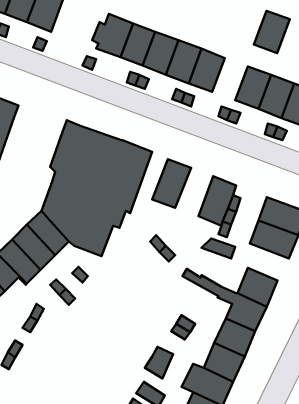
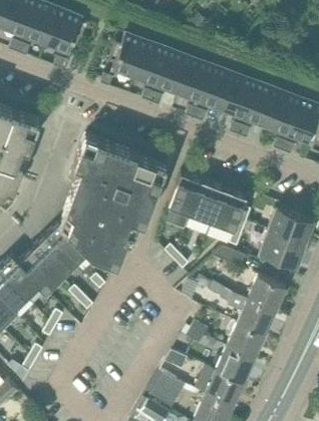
building: [254,11,290,53] -> [223,77,257,117]
building: none -> [188,181,224,228]

